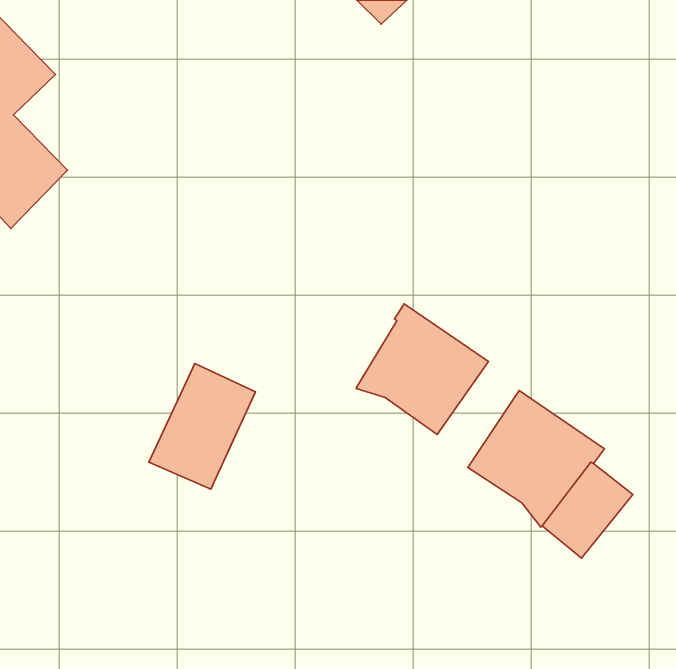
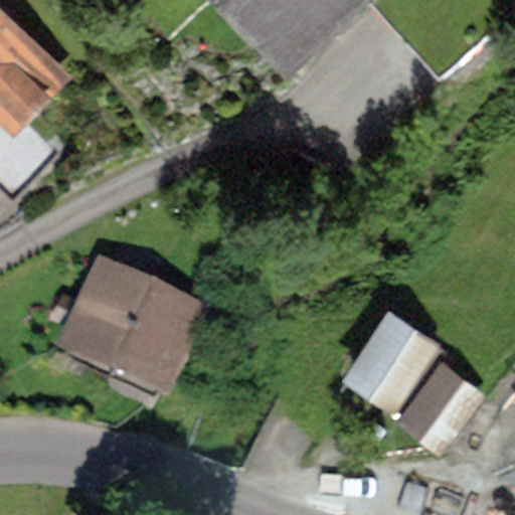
building: [356,304,488,435] -> none
building: none -> [65,265,145,360]

